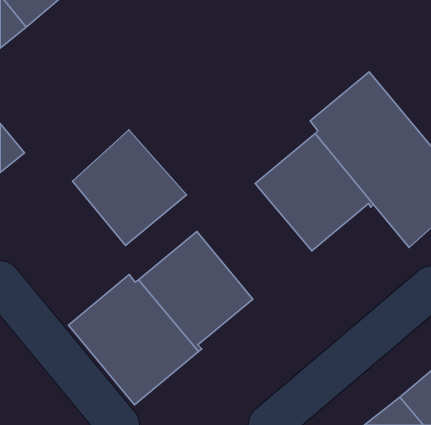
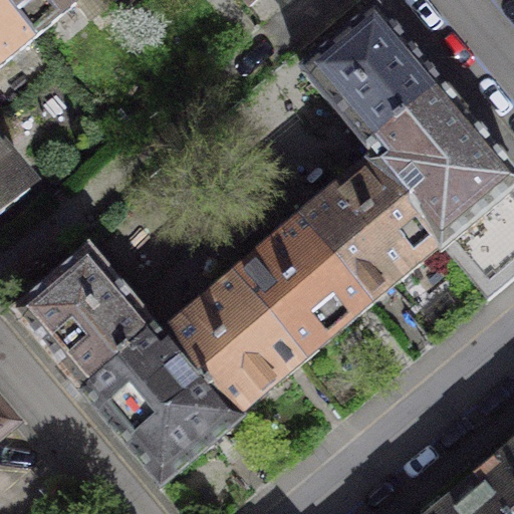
building: none -> [305,9,440,144]
building: [72,130,186,245] -> [19,249,155,387]
building: none -> [235,218,371,355]

